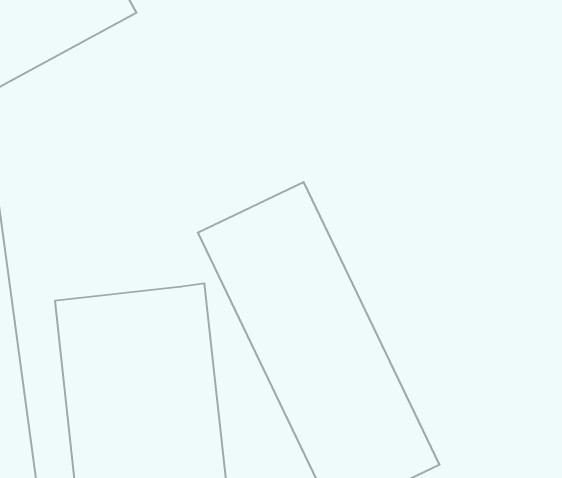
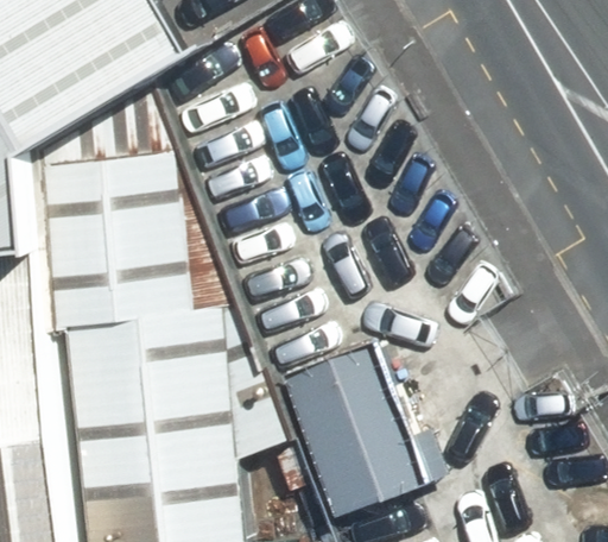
building: none -> [48,151,196,332]

